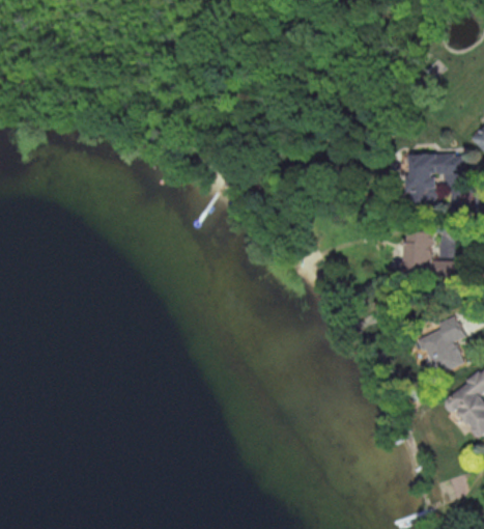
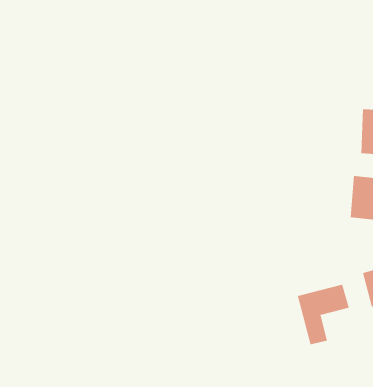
building: none -> [297,284,350,345]

